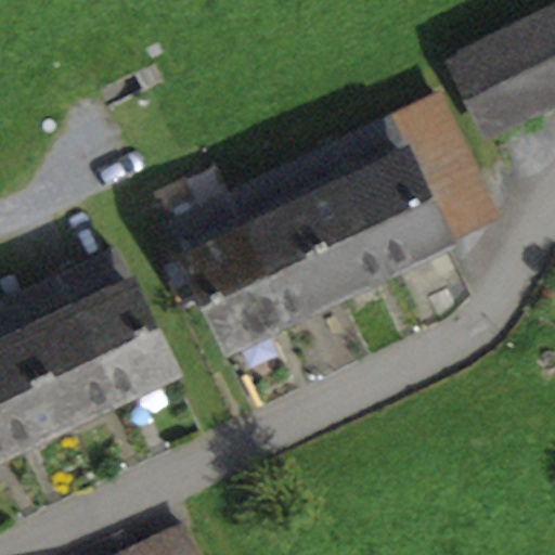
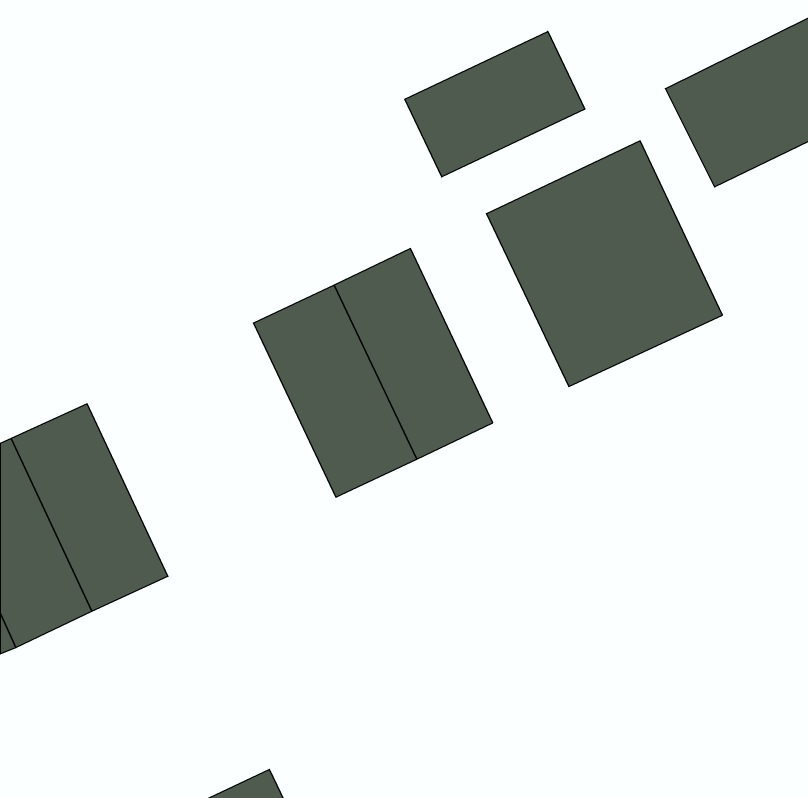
building: none -> [405,31,585,177]
building: [282,154,390,297] -> none
building: [61,258,172,402] -> none

